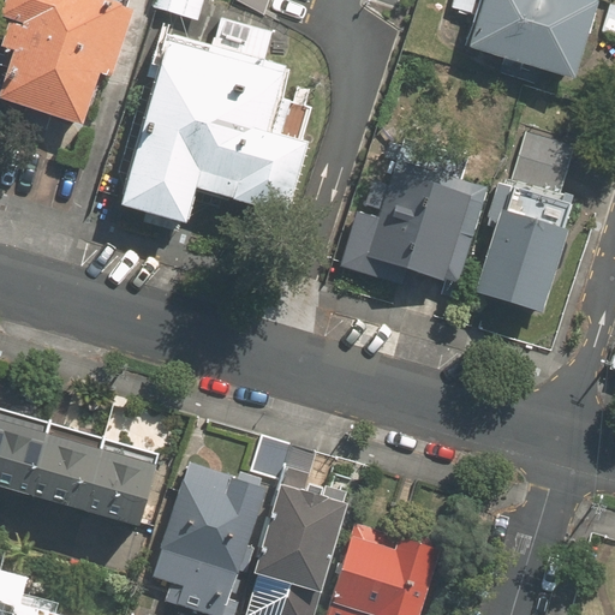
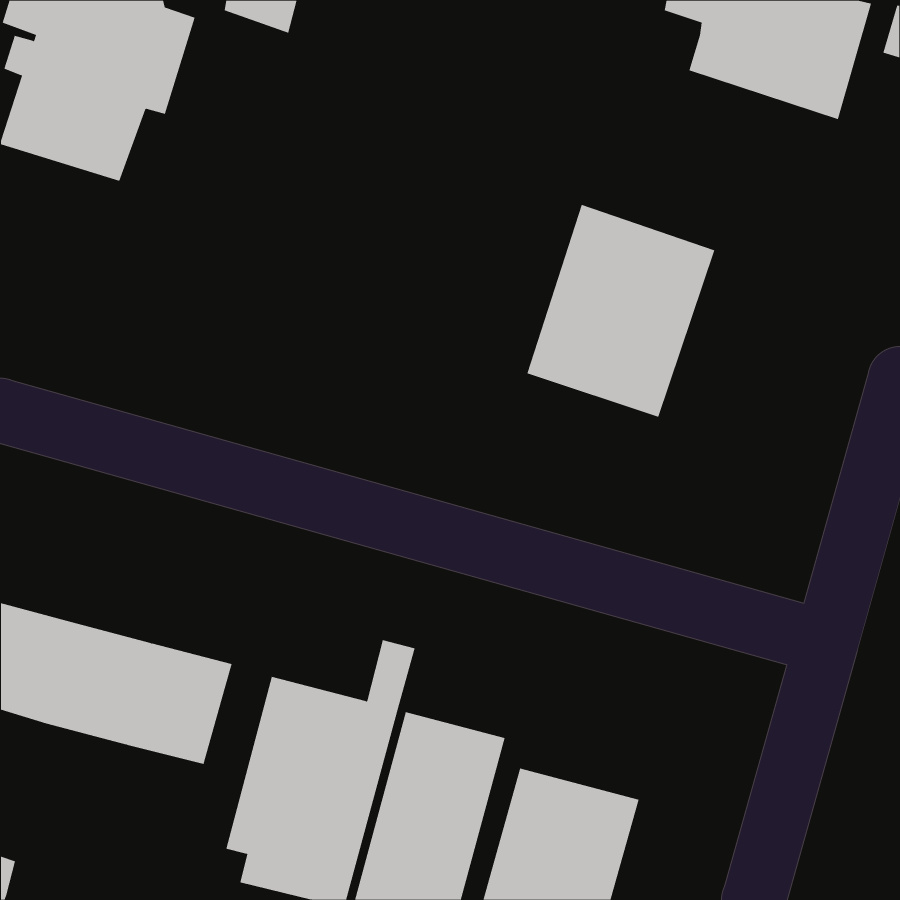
building: [123,19,308,223] -> none
building: [471,124,581,324] -> none

